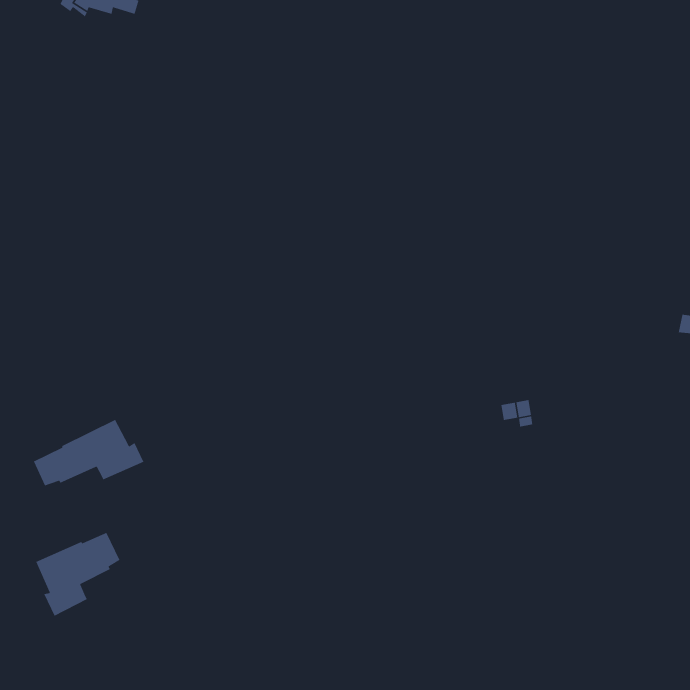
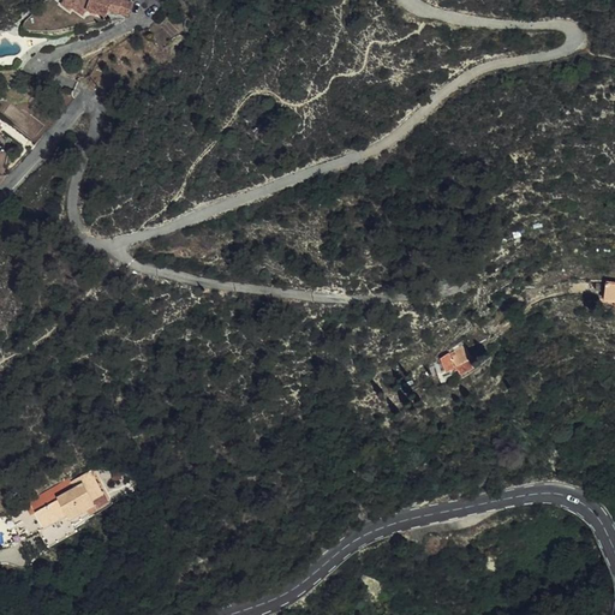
building: [33,419,145,487] -> none

